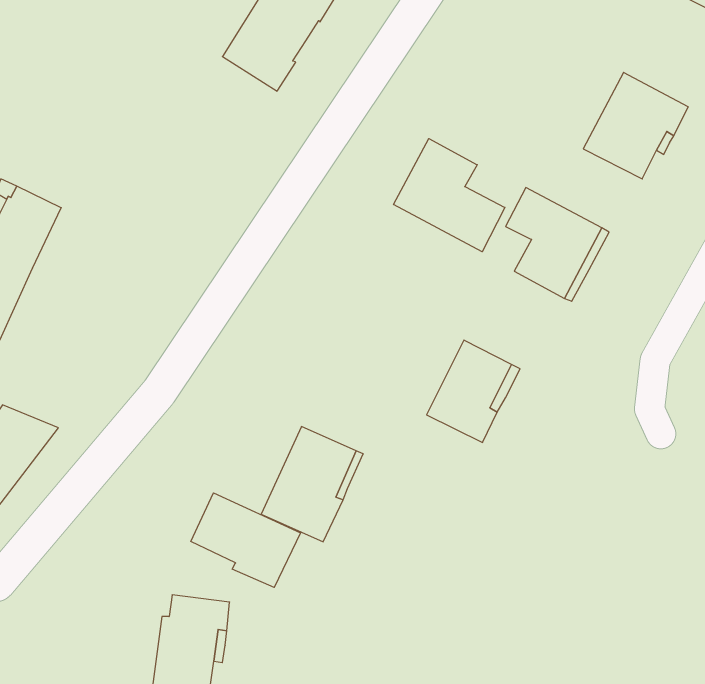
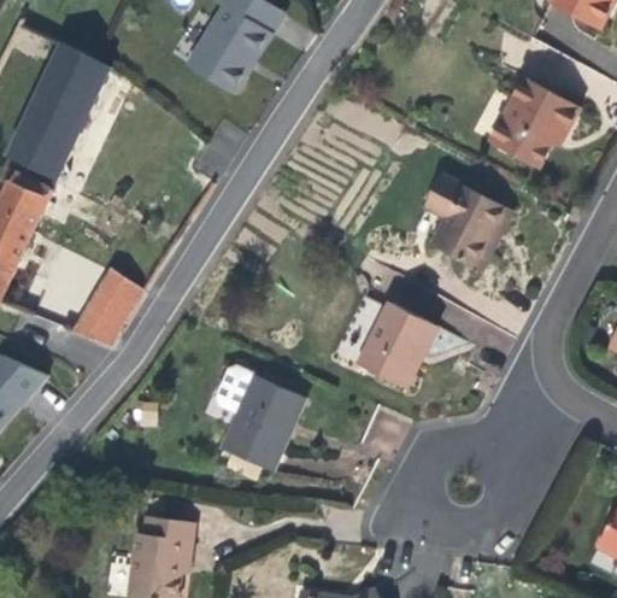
building: none -> [6,42,111,180]
building: [394,139,505,252] -> none
building: none -> [77,271,145,347]
building: [191,493,300,587] -> none

